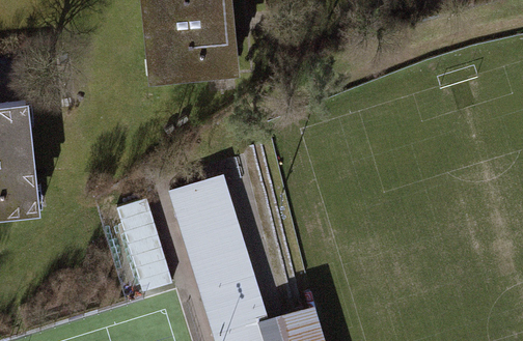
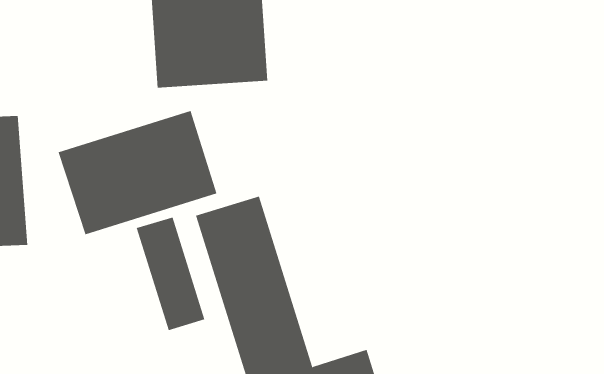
building: none -> [58,110,217,235]

